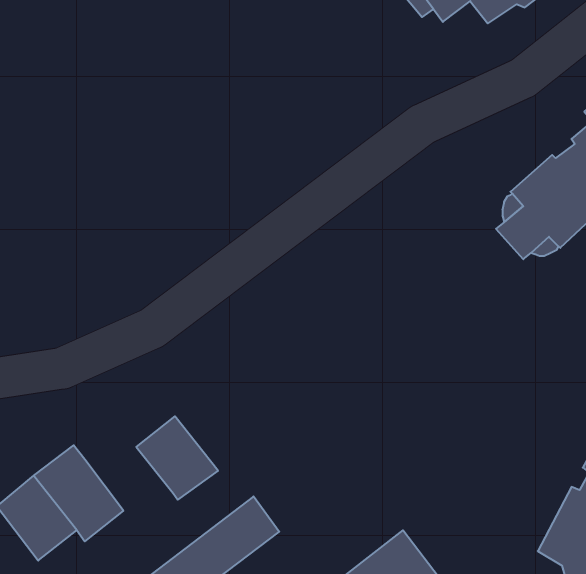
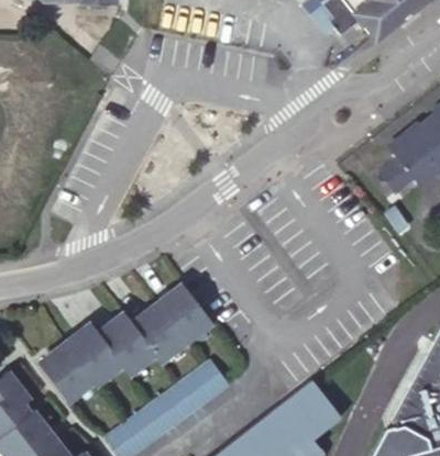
building: none -> [156,283,212,341]
building: none -> [95,313,155,377]

